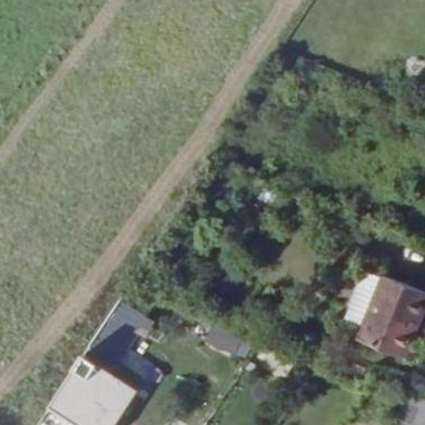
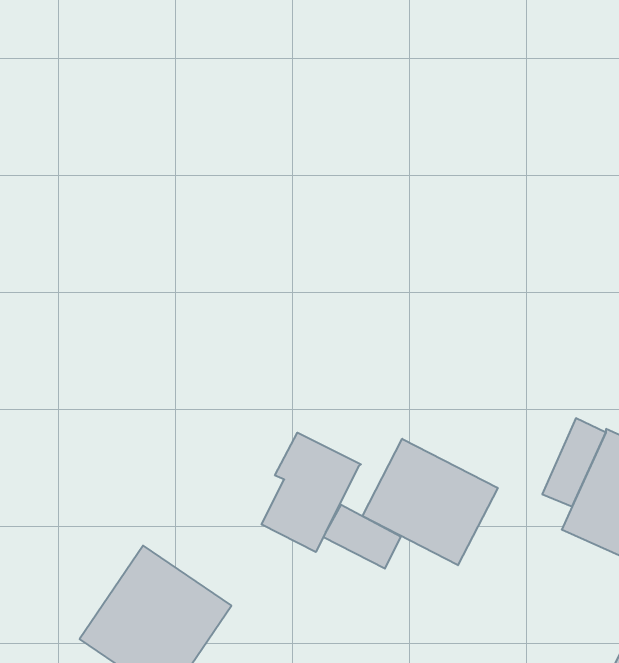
building: none -> [262,433,361,552]
building: none -> [362,439,498,565]

